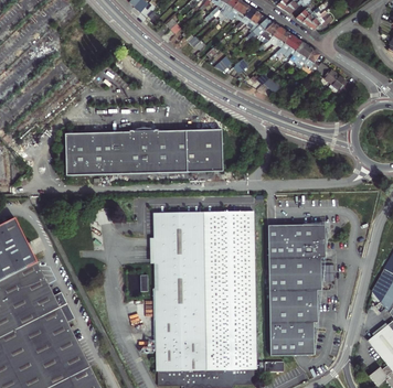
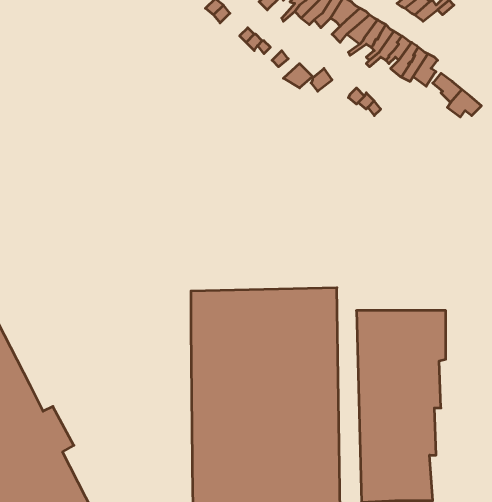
building: [66,128,221,176] -> none

